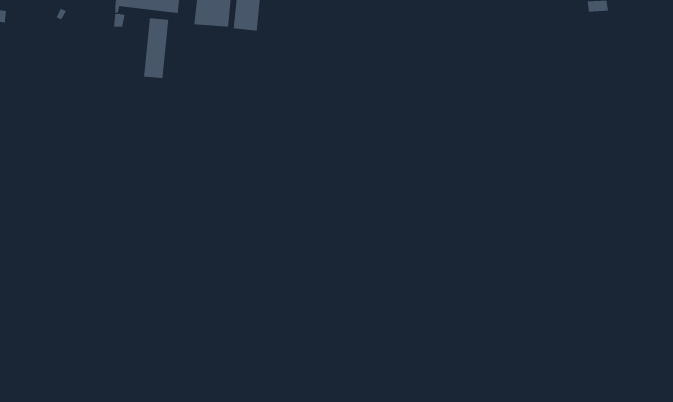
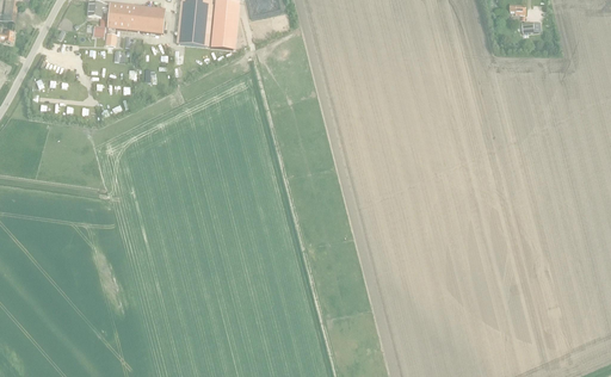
building: [144,17,169,79] -> none

